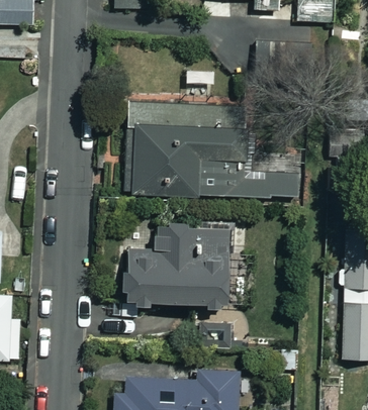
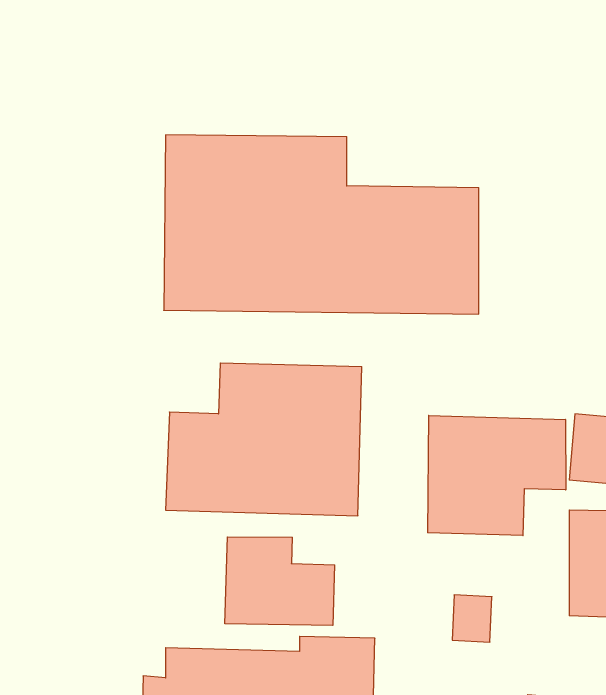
building: none -> [428,415,566,536]
building: none -> [225,537,335,625]

